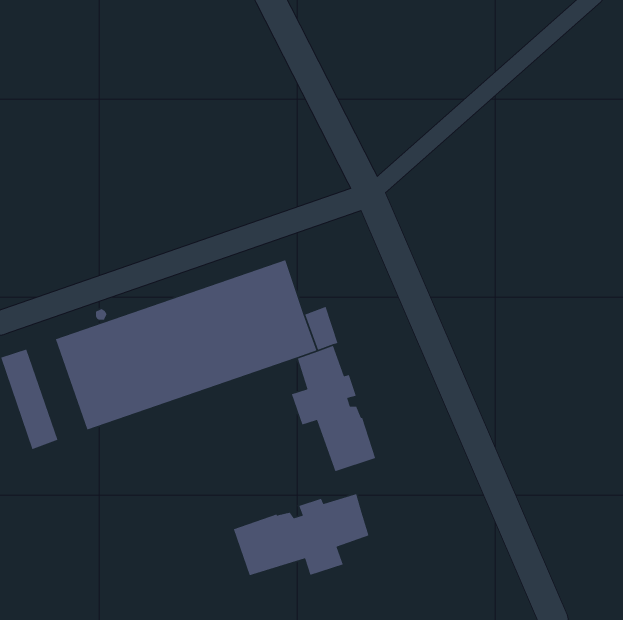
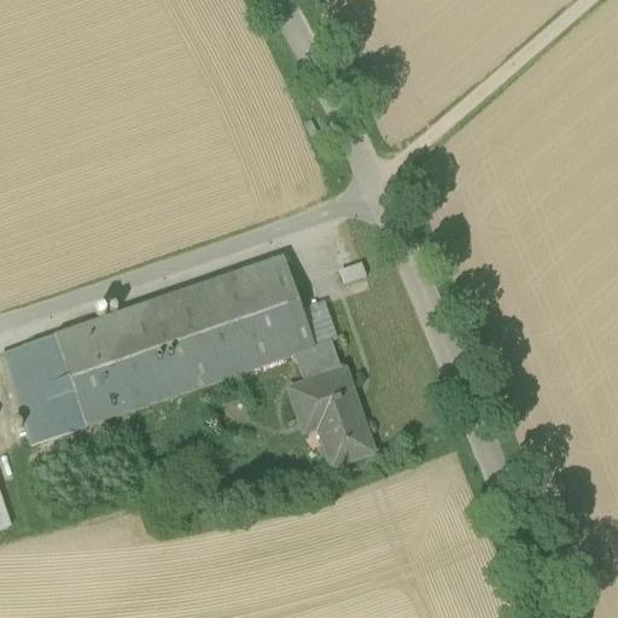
building: none -> [28,334,87,435]
building: [233,493,370,576] -> none

